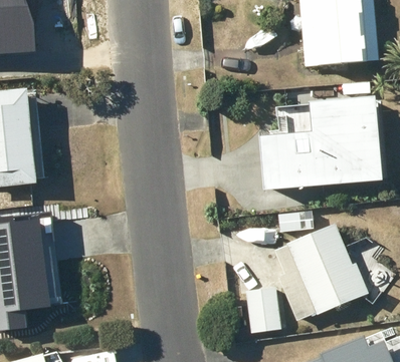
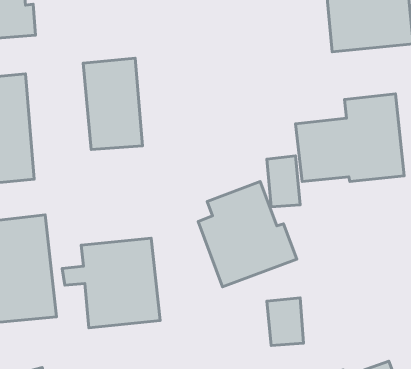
building: none -> [83,58,142,150]
building: [279,223,369,318] -> [198,182,297,287]
building: none -> [62,238,160,328]

